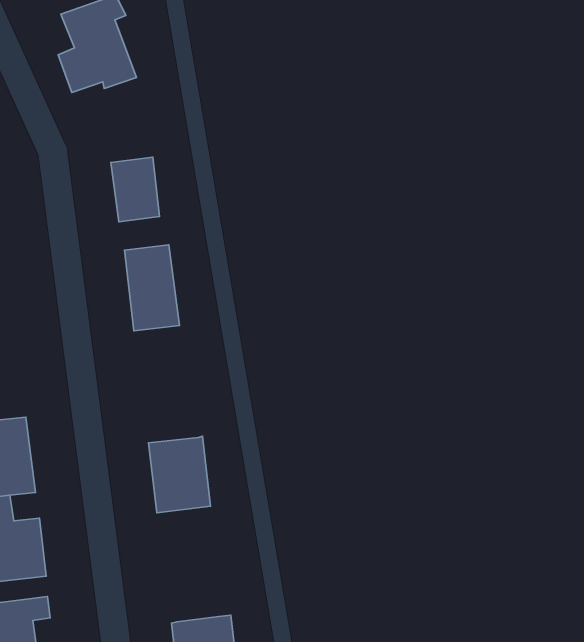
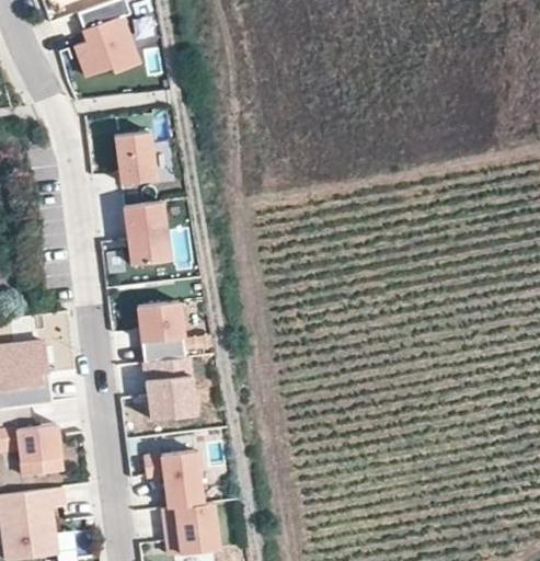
building: none -> [138,301,186,363]
building: none -> [145,451,203,508]

